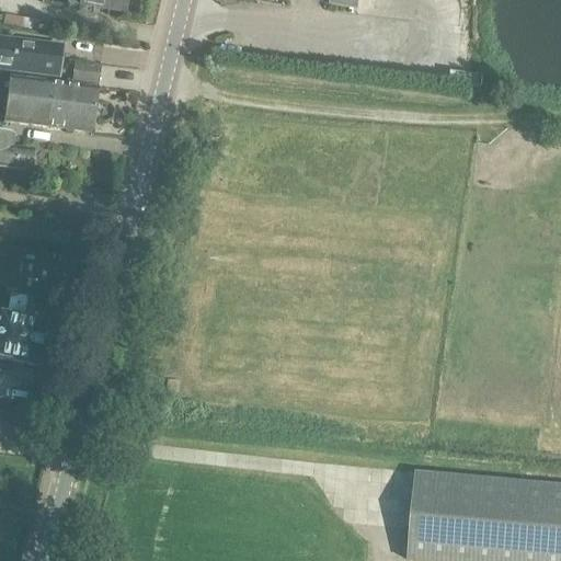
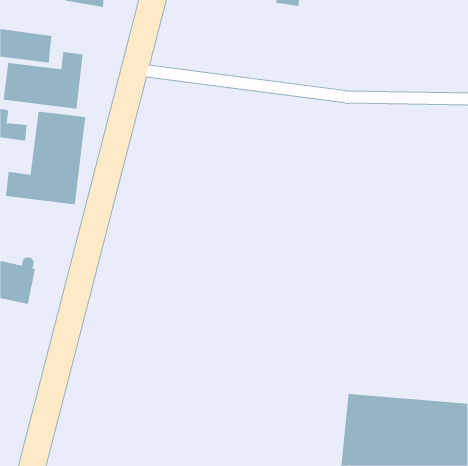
building: none -> [5,111,86,205]

